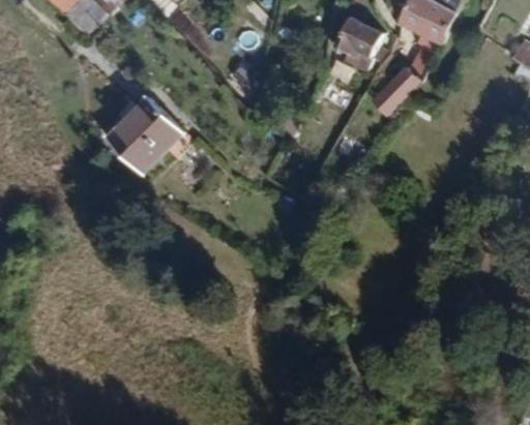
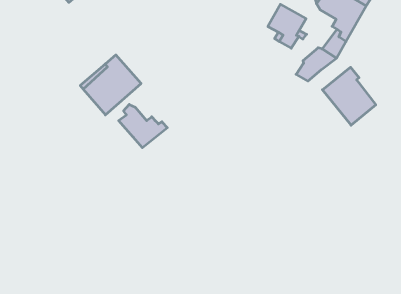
building: none -> [322,67,376,125]
building: none -> [119,104,167,148]

